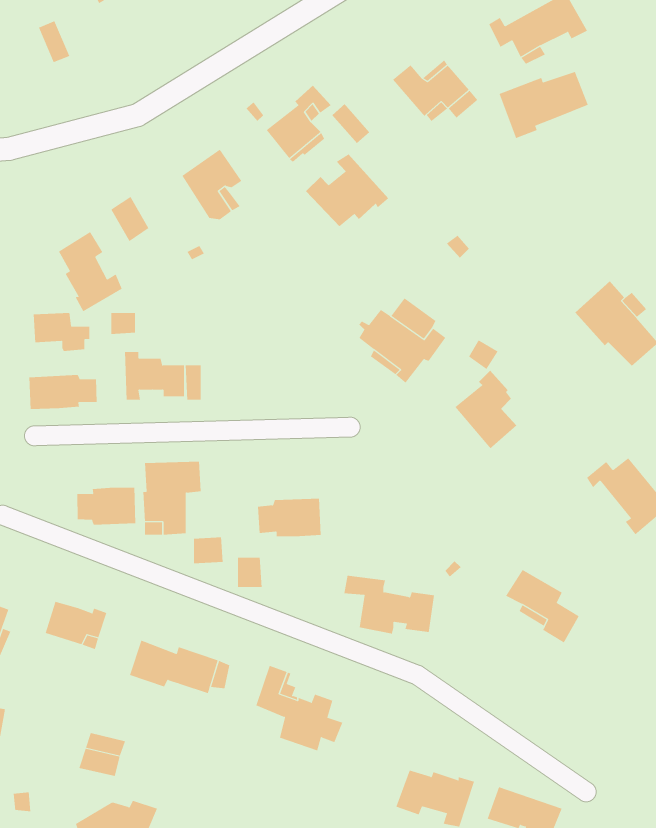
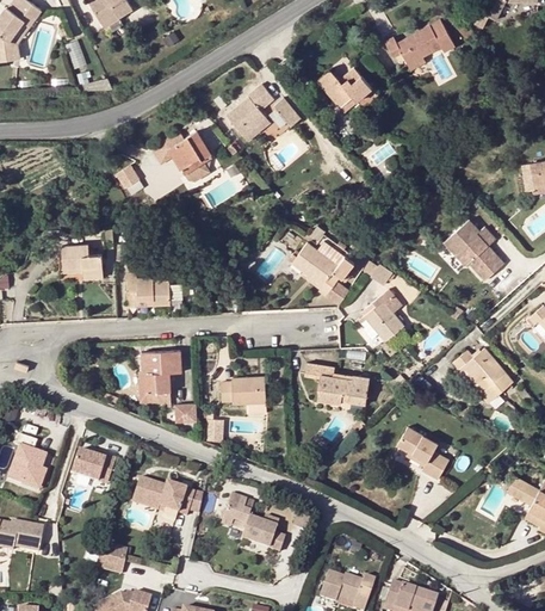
building: [499,71,589,139] -> none
building: [305,154,389,227] -> none
building: [58,231,123,312] -> none
building: [29,374,97,410] -> none
building: [77,487,136,525] -> none
building: [344,575,435,634] -> [305,363,370,405]

